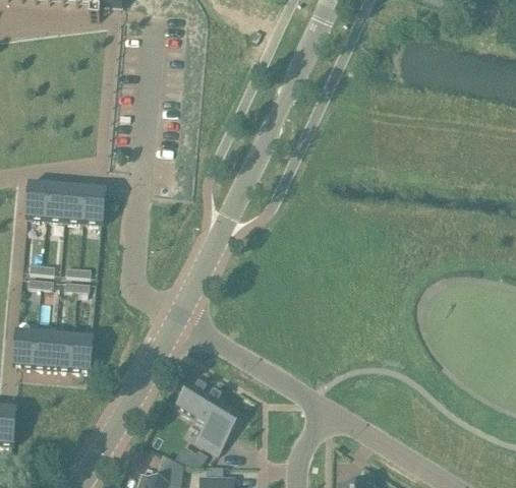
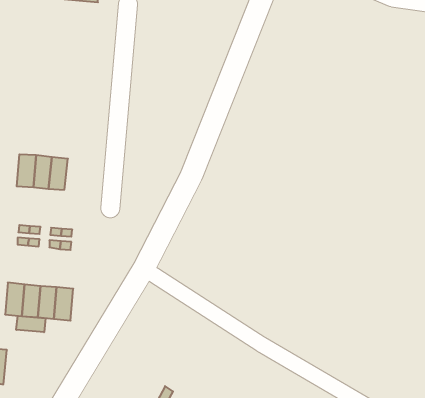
building: [81,185,104,223] -> none
building: none -> [16,316,46,332]
building: [176,376,241,452] -> none

